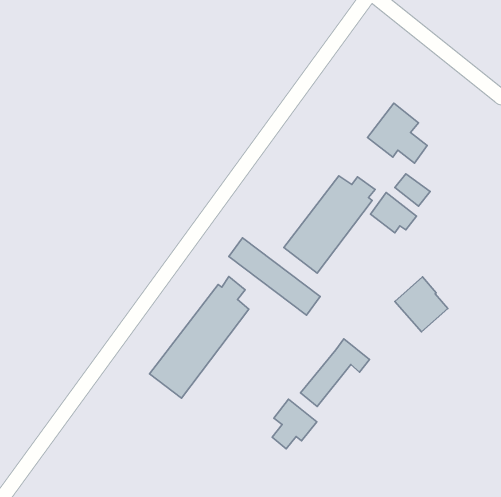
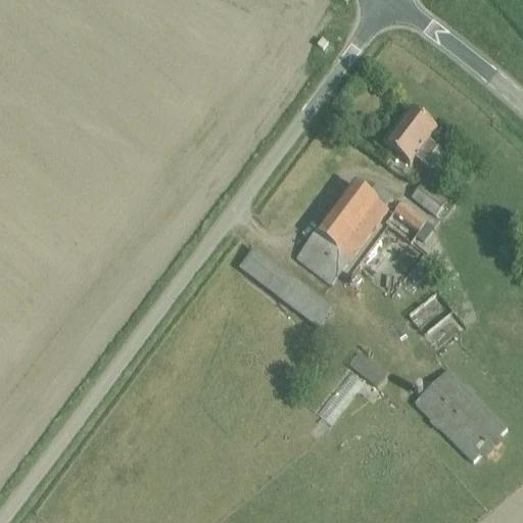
building: [150,277,249,398] -> none
building: none -> [396,369,507,461]
building: [272,399,317,449] -> none

